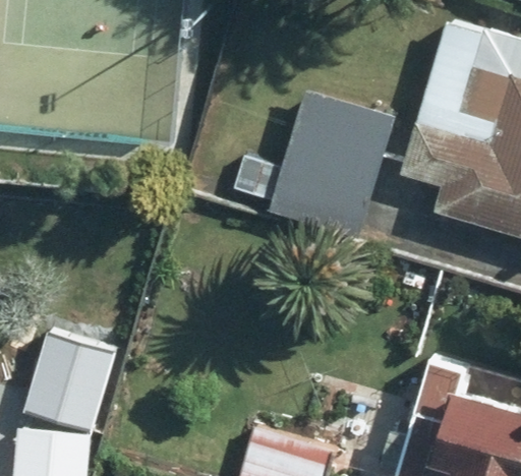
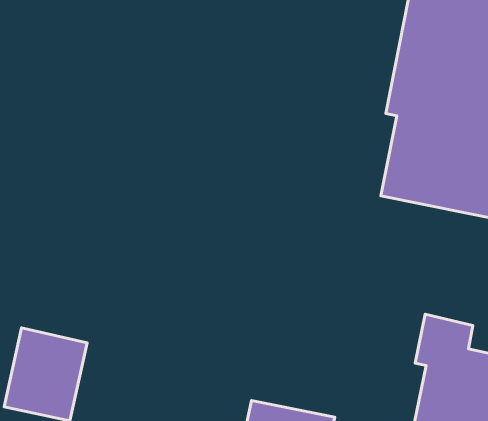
building: [233,87,397,231] -> none

